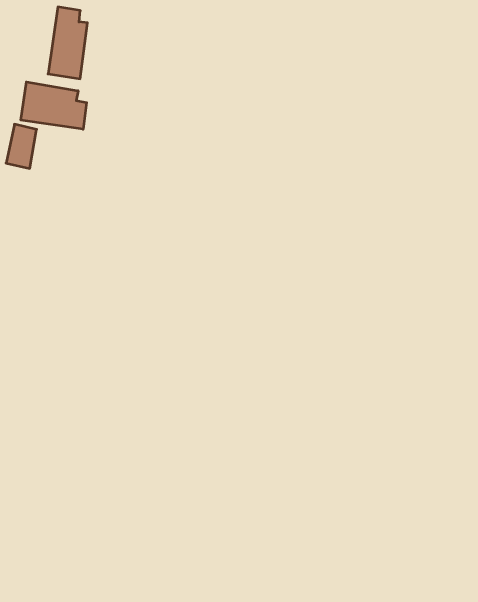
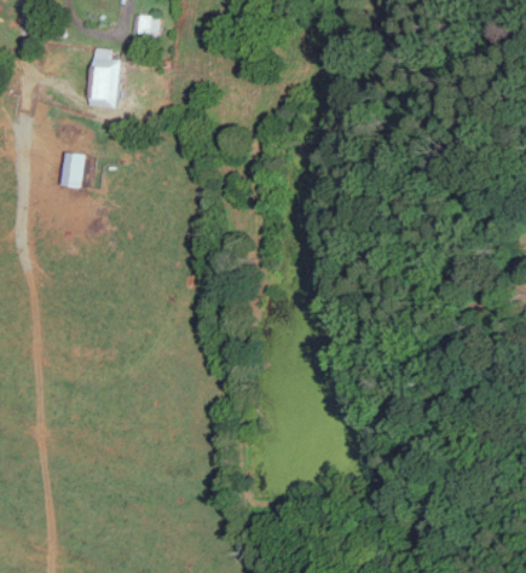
building: [21,82,87,129] -> none

